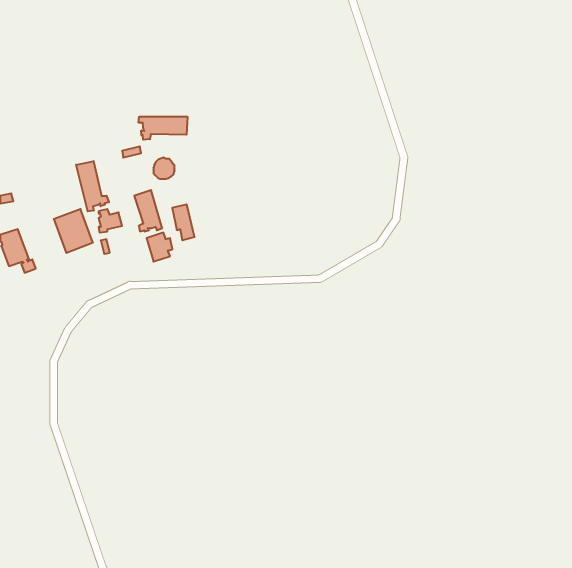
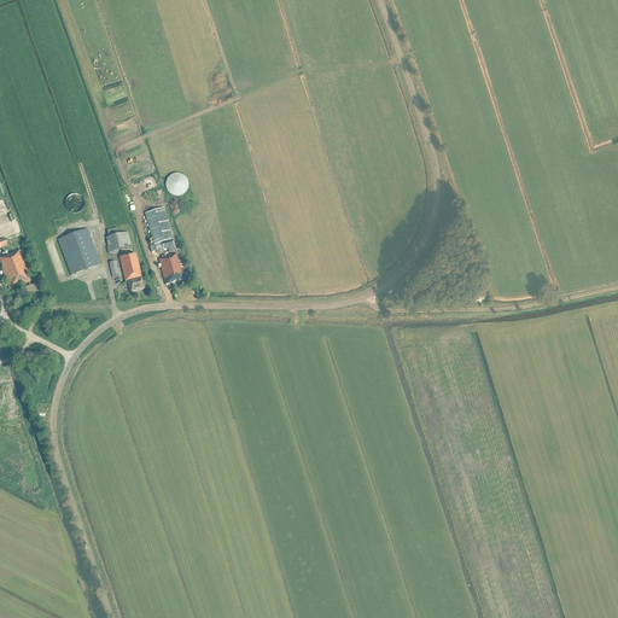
building: [139,117,187,140] -> none
building: [76,161,109,211] -> none
building: [172,204,195,240] -> [119,251,144,290]

